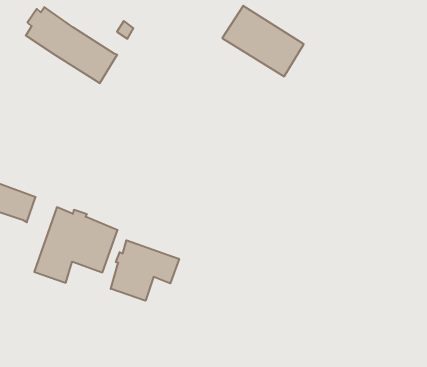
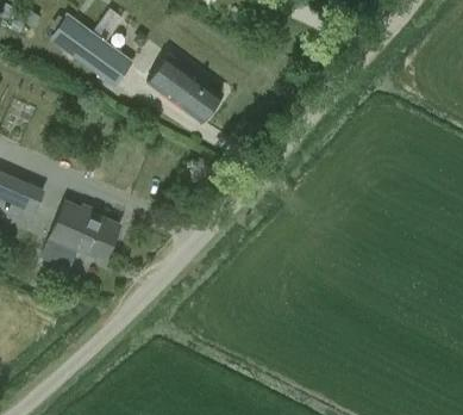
building: [222,6,304,76] -> [145,55,220,123]
building: [111,240,179,301] -> none

